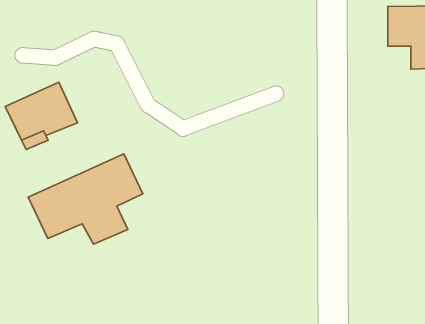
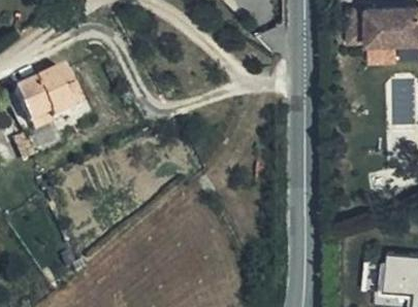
building: [28,154,143,244] -> none

